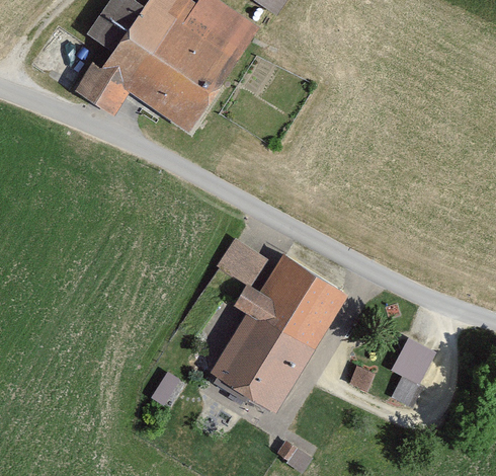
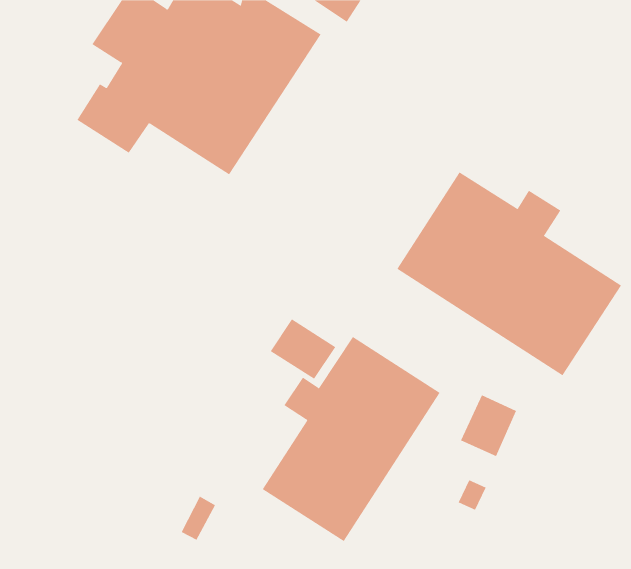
building: none -> [397,172,622,376]
building: [393,339,435,386] -> [460,395,517,457]

